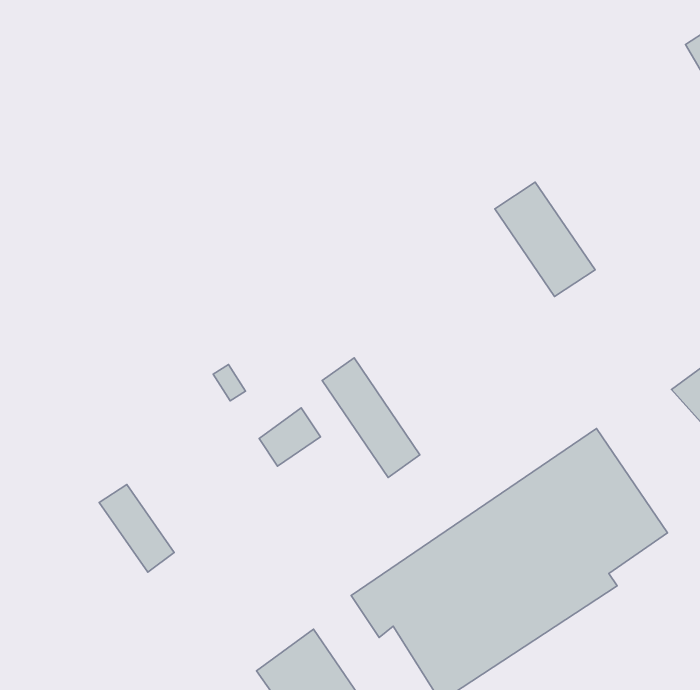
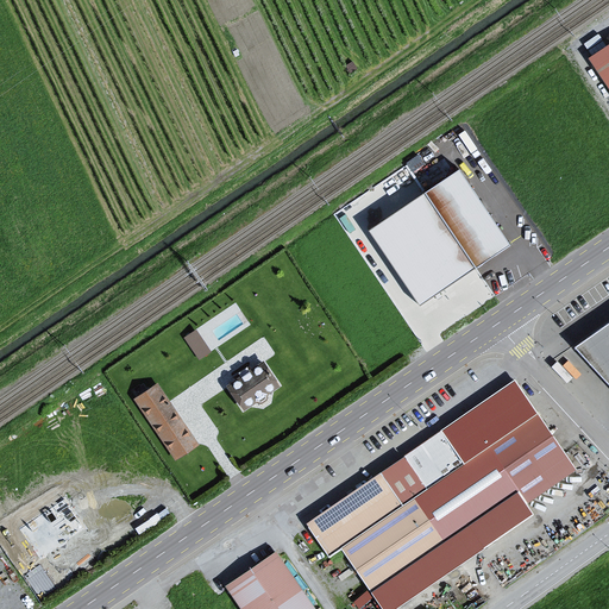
building: none -> [371,193,478,306]
building: [322,358,420,478] -> none
building: [99,484,174,572] -> [132,385,196,460]

